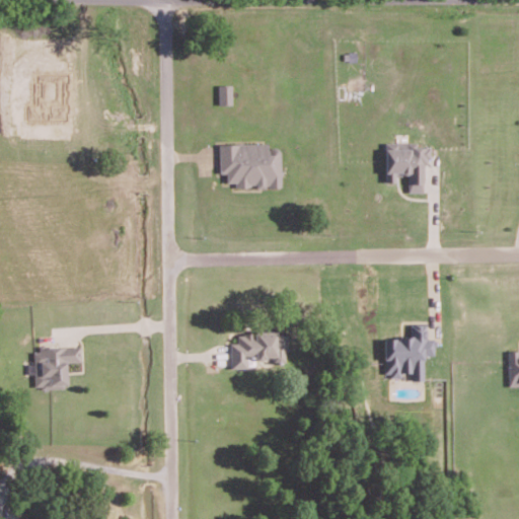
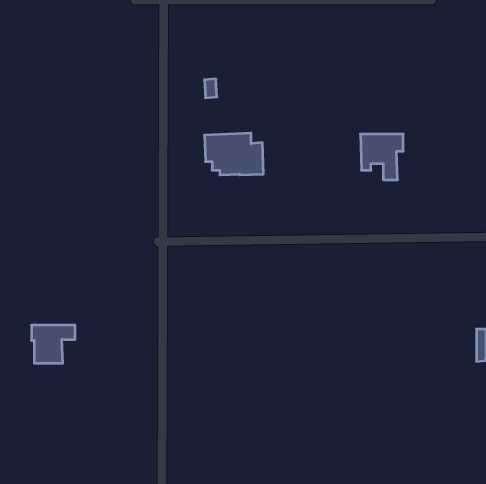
building: [384,325,434,382] -> none
building: [229,332,277,369] -> none

